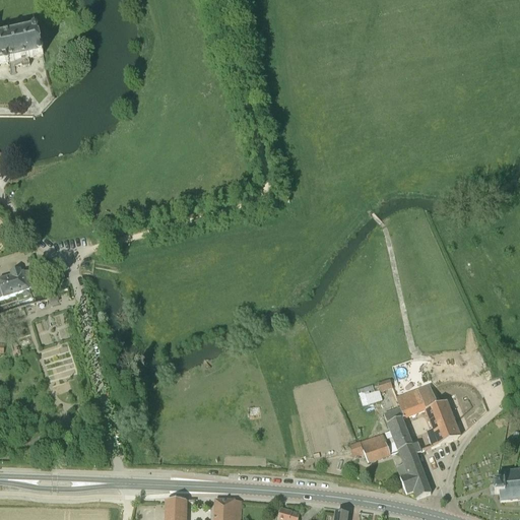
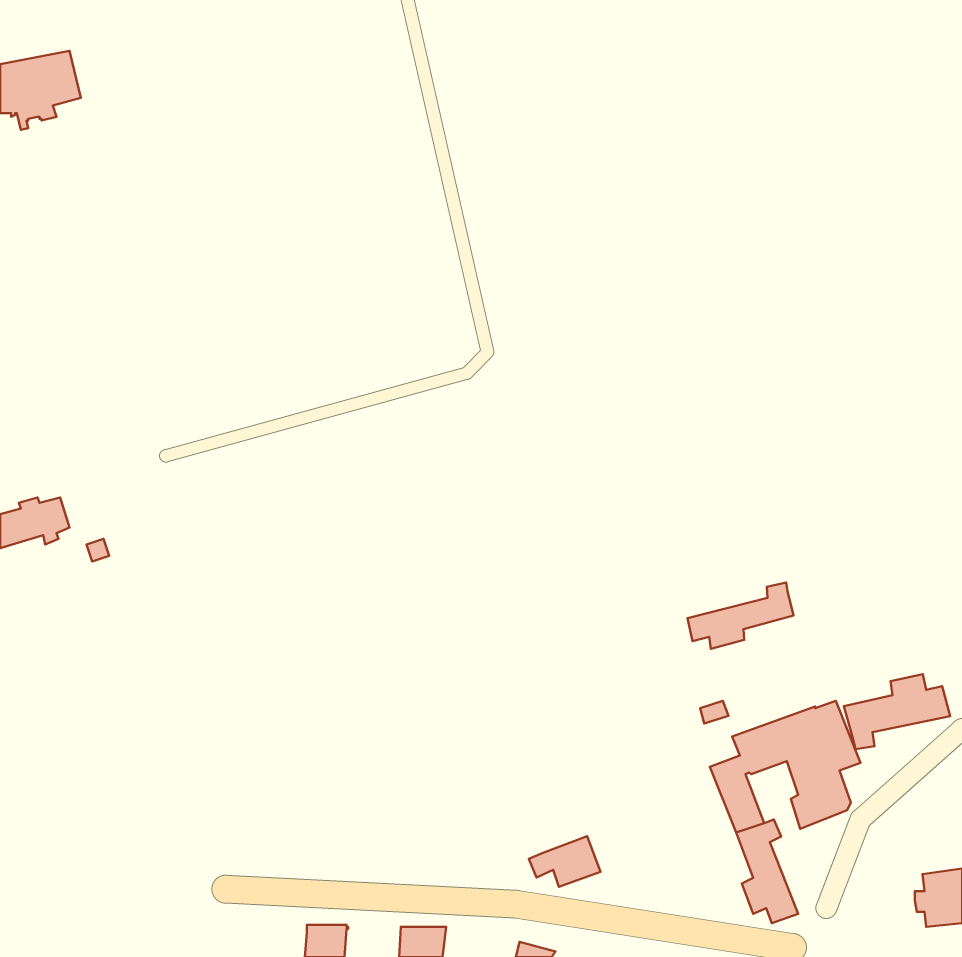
building: none -> [688,583,794,649]
building: none -> [844,674,950,749]
building: [348,434,387,461] -> [529,836,600,887]

